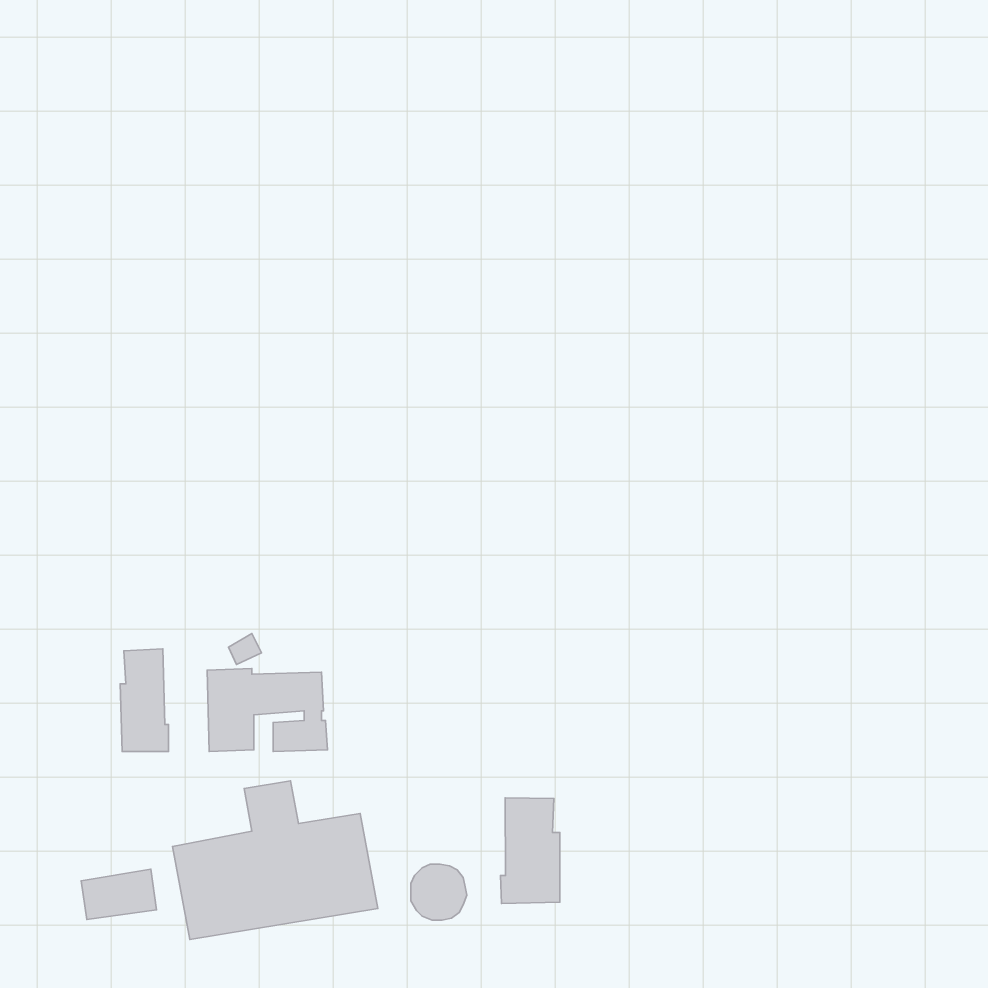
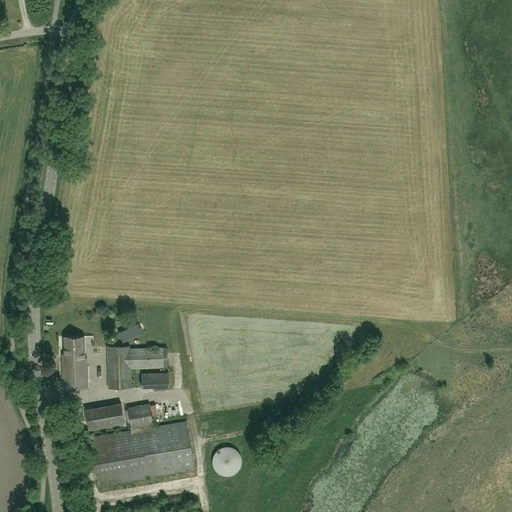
building: [501,798,560,904] -> none
building: [81,869,157,920] -> [85,404,124,430]

